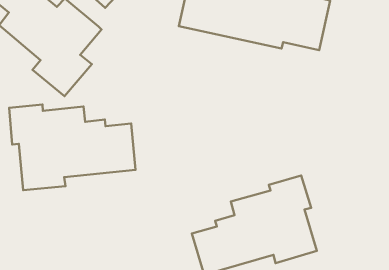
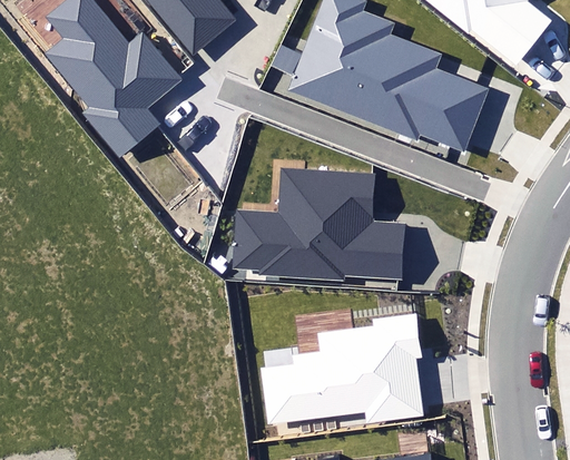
building: none -> [232,170,402,280]
building: [9,104,135,190] -> none

